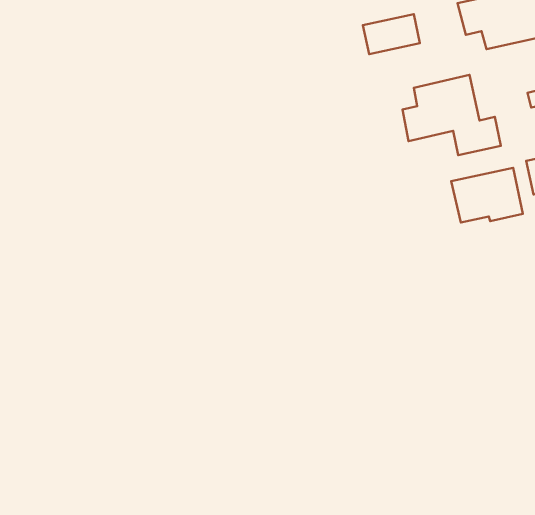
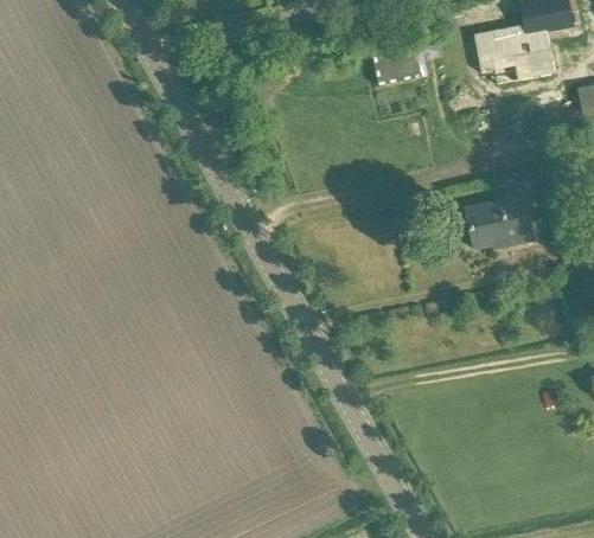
building: [403,75,501,155] -> none

